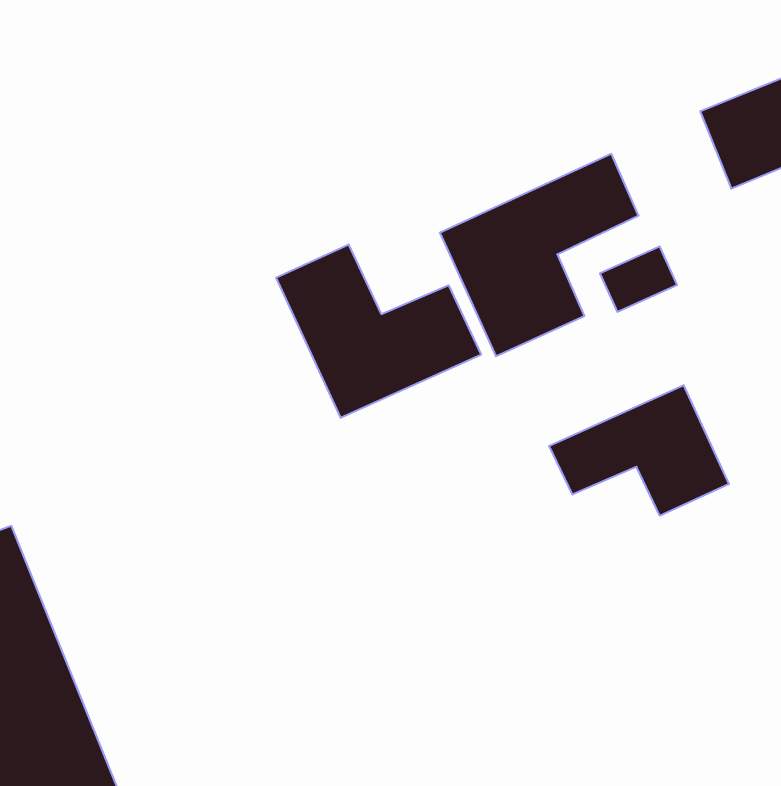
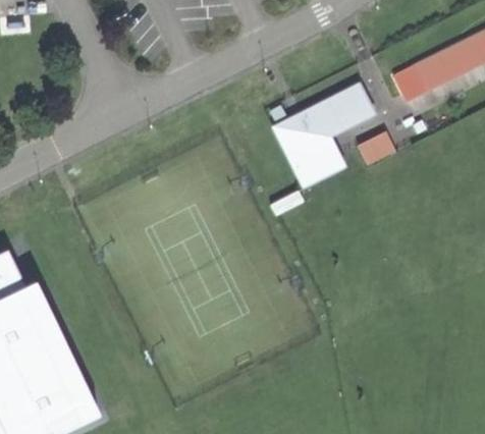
building: [276,244,481,418] -> none
building: [549,385,729,516] -> none

